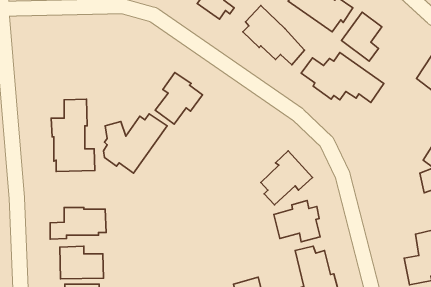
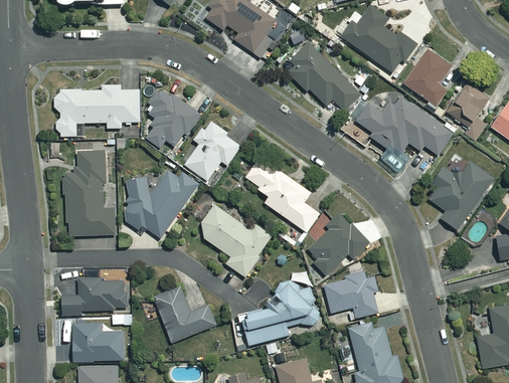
building: none -> [449,83,490,128]
building: none -> [54,84,139,136]
building: none -> [143,88,201,146]
building: none -> [245,156,319,231]
building: none -> [429,162,493,229]
building: none -> [202,205,273,276]
building: none -> [238,269,322,347]
building: none -> [154,285,215,342]

